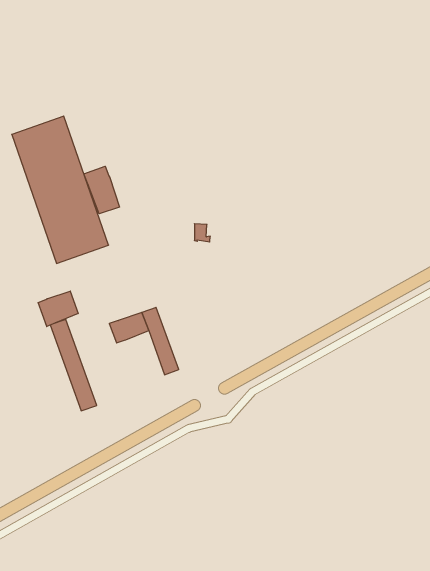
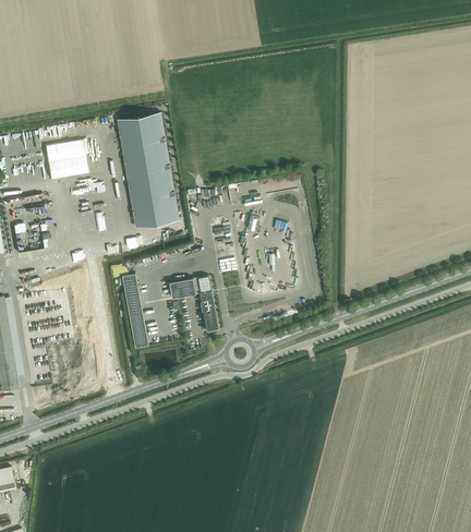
building: [84,166,119,214] -> none
building: [38,291,78,327] -> none

